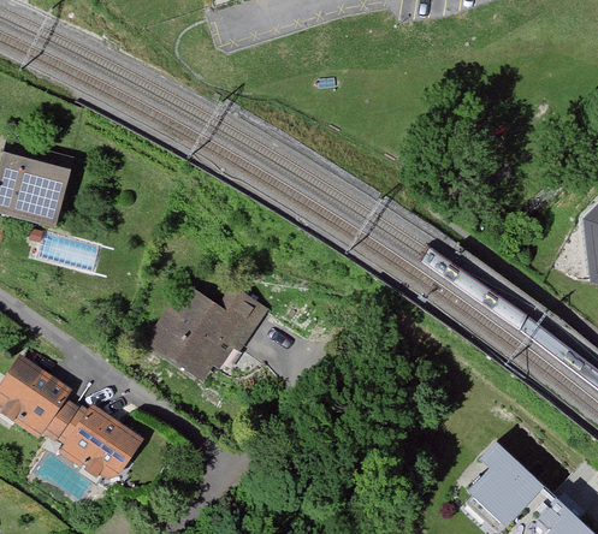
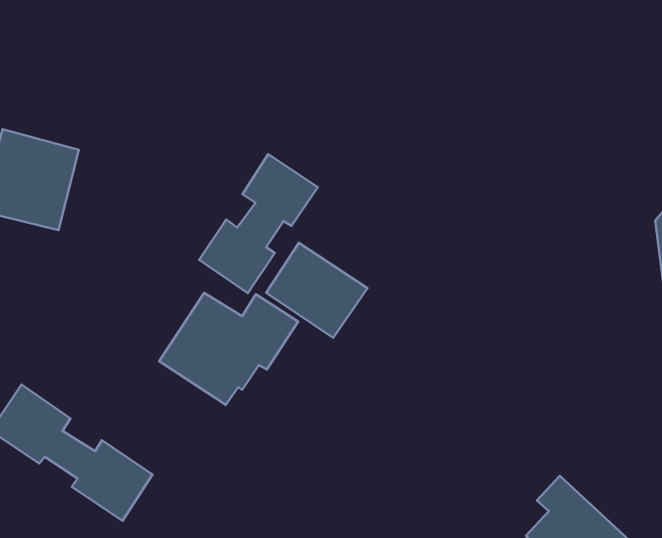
building: none -> [199,154,318,293]
building: none -> [266,243,368,338]

